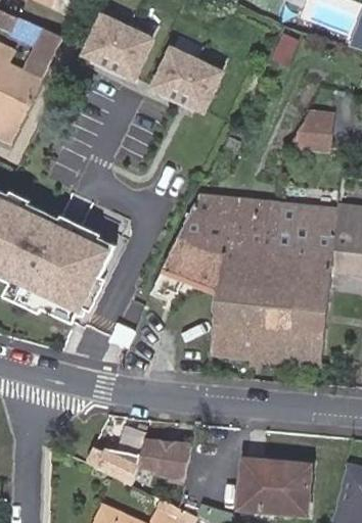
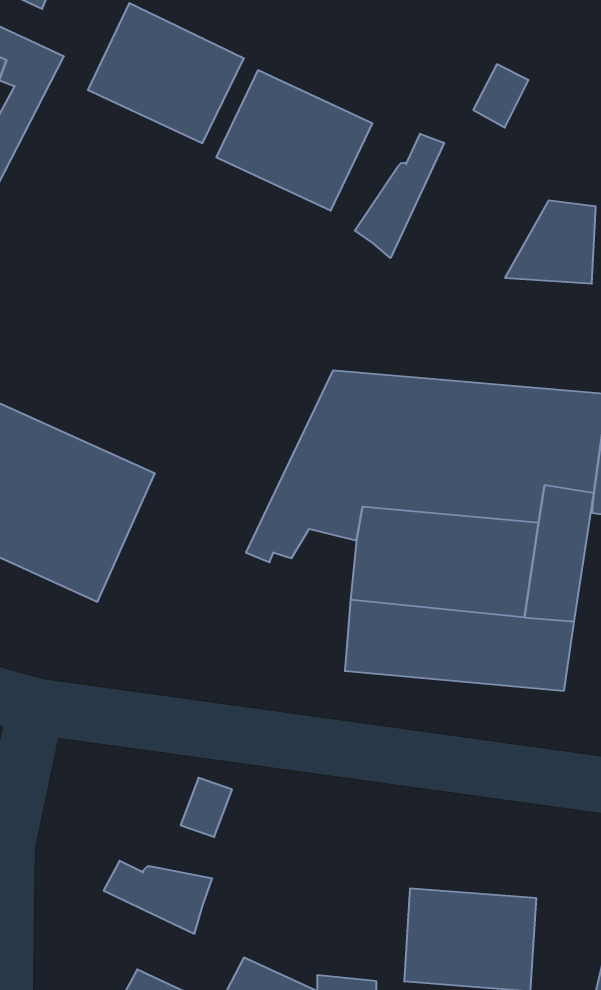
building: none -> [355,134,444,258]
building: [133,441,188,484] -> none

